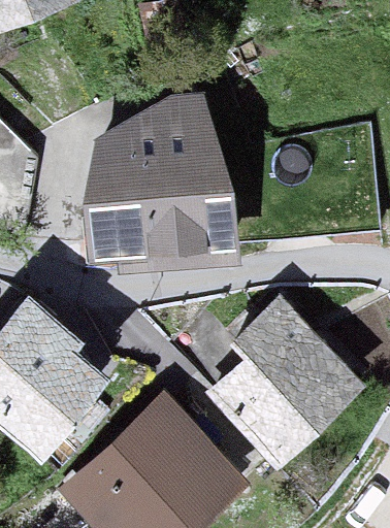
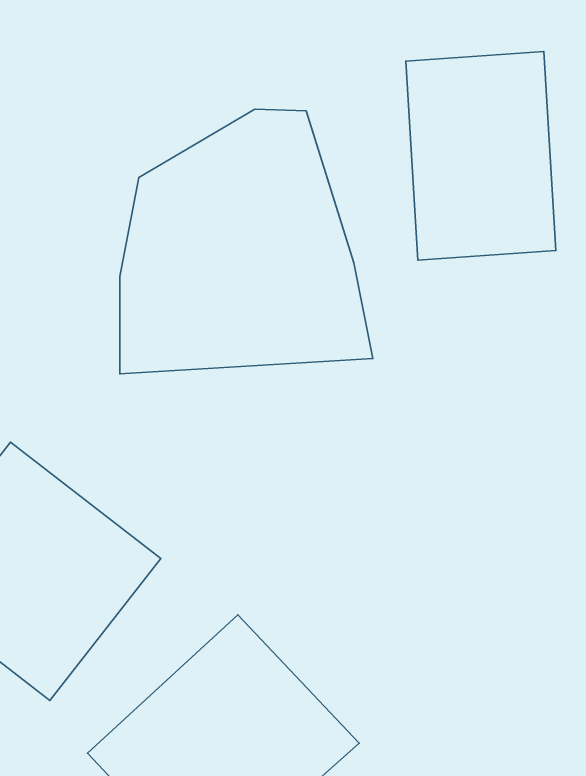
building: none -> [406,52,556,260]
building: [218,309,356,459] -> none

